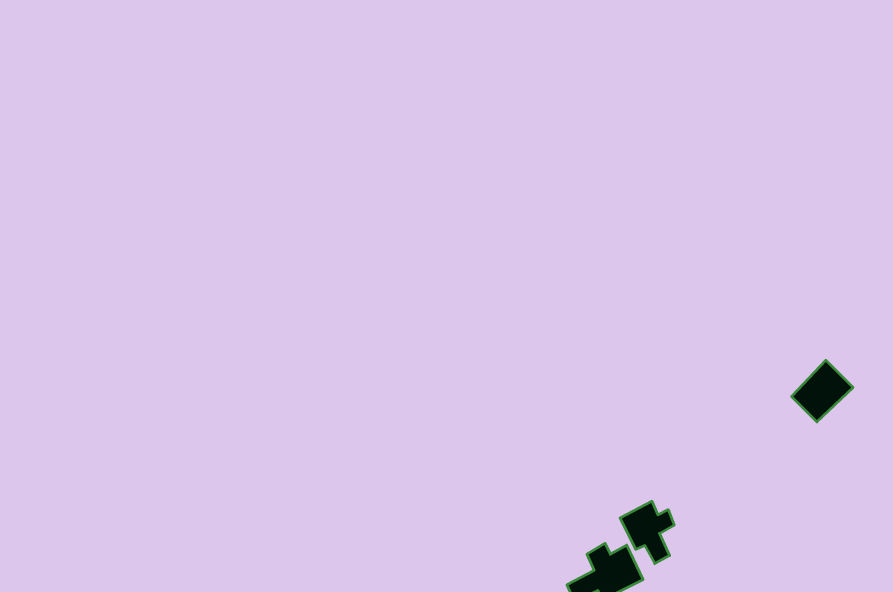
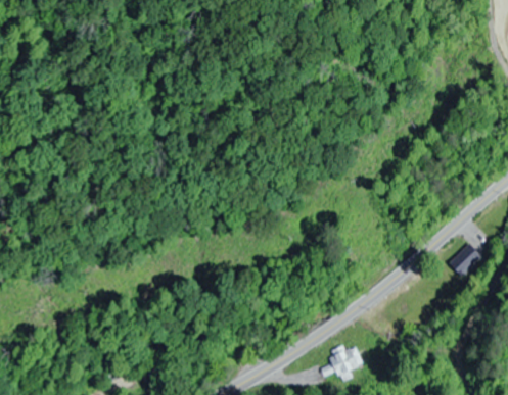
building: [620,501,674,564] -> none

